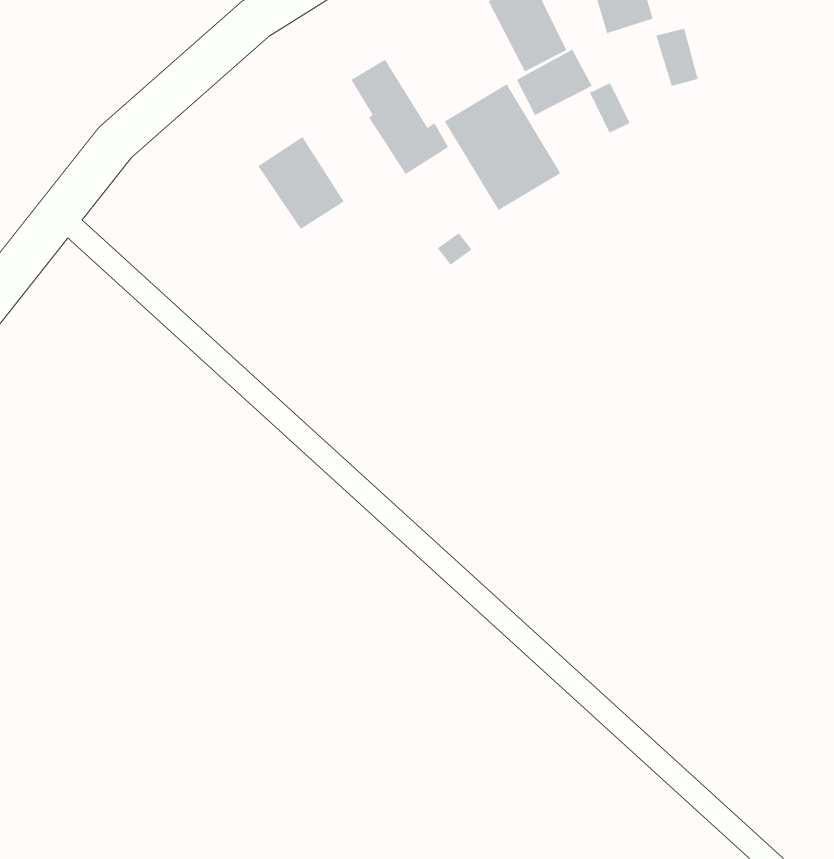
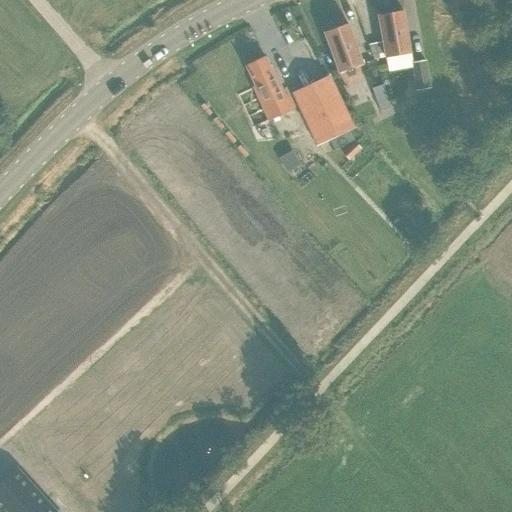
building: [516,49,592,116] -> none
building: [257,136,344,230] -> none

